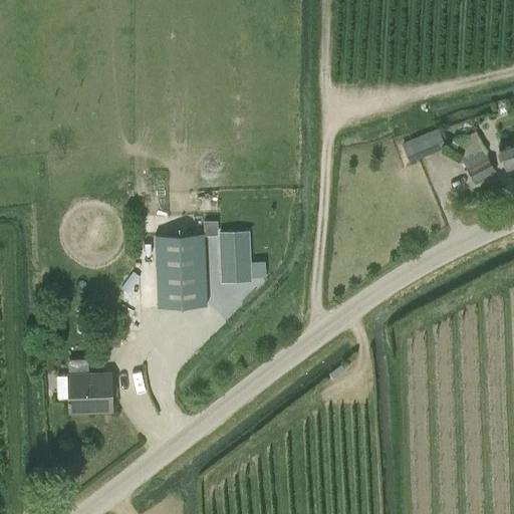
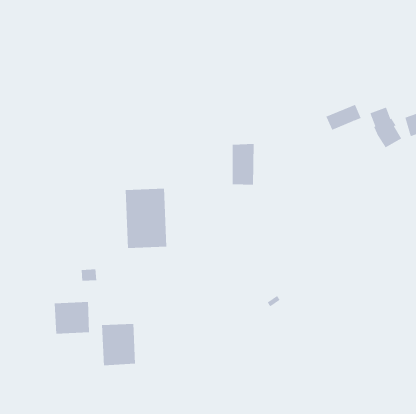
building: [223,230,251,281] -> [232,144,255,185]
building: none -> [102,323,136,366]

